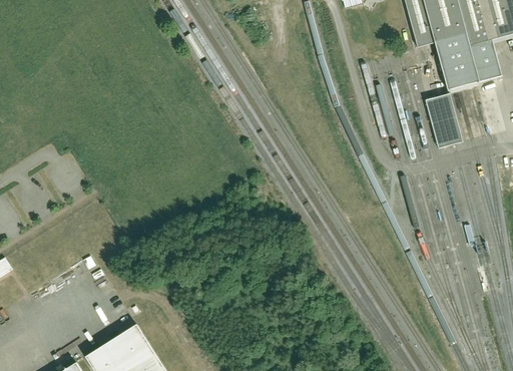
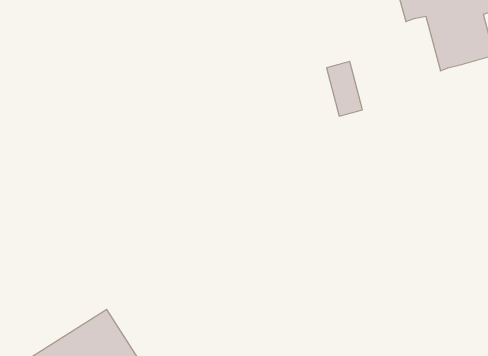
building: [427,95,461,147] -> [327,61,362,116]

